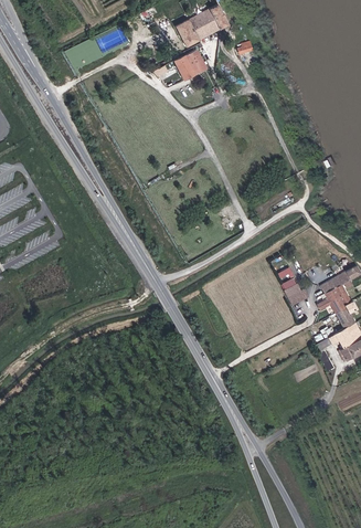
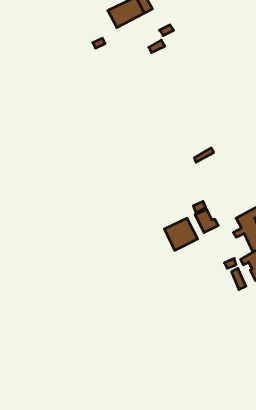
building: [174,49,208,76] -> none
building: none -> [164,218,198,250]

